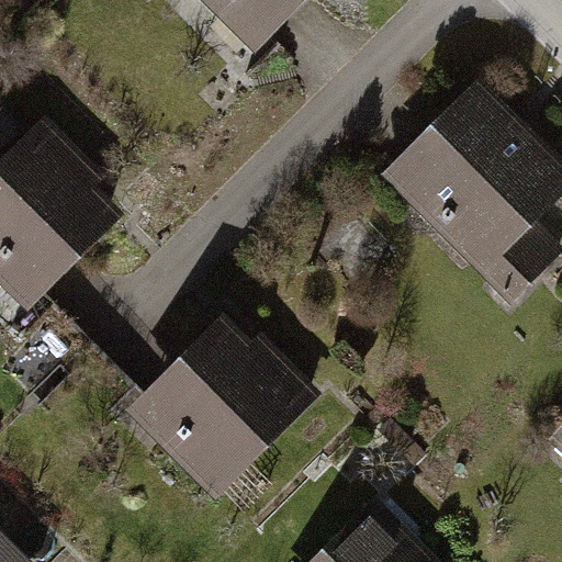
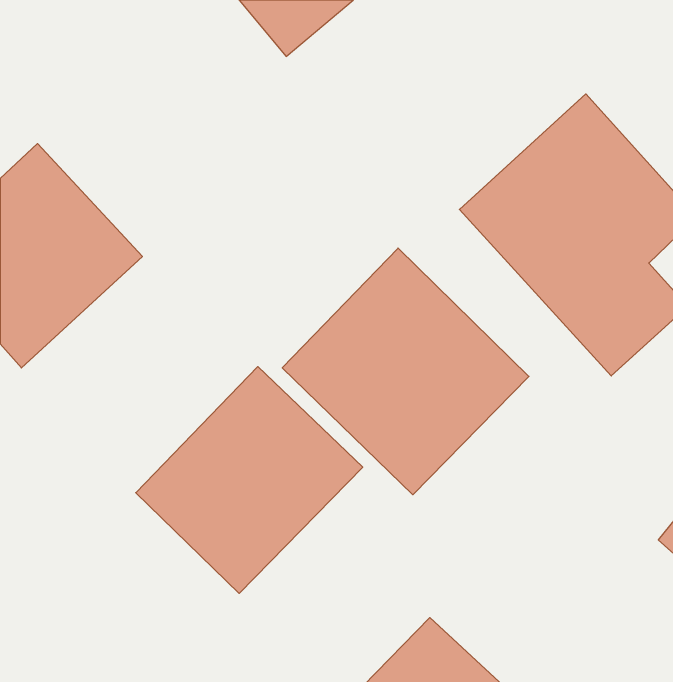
building: none -> [282,248,529,495]

